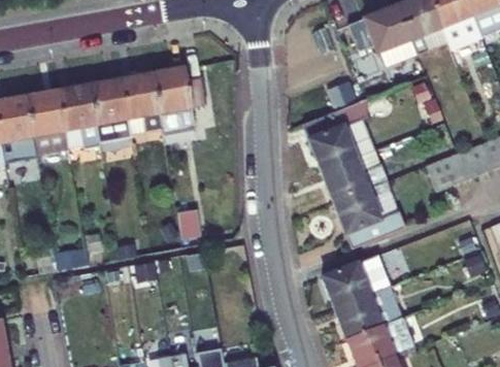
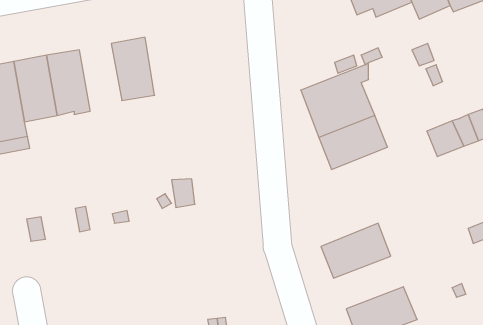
building: [151,66,204,134] -> none
building: [87,78,129,143] -> none
building: [332,179,405,247] -> none
building: [334,286,402,337] -> none

